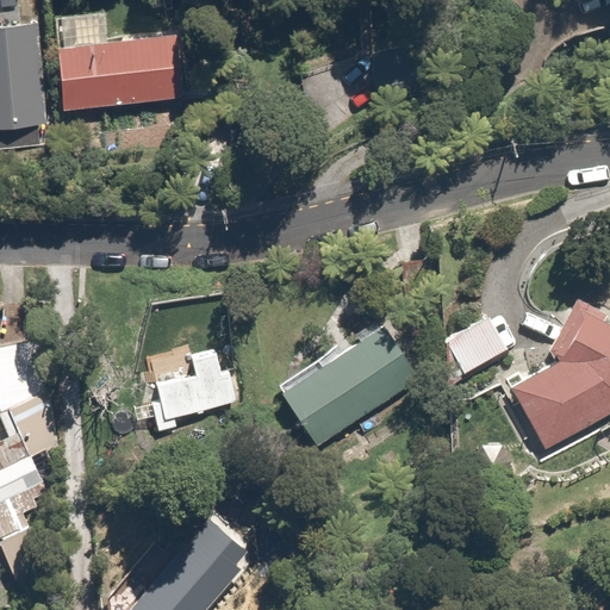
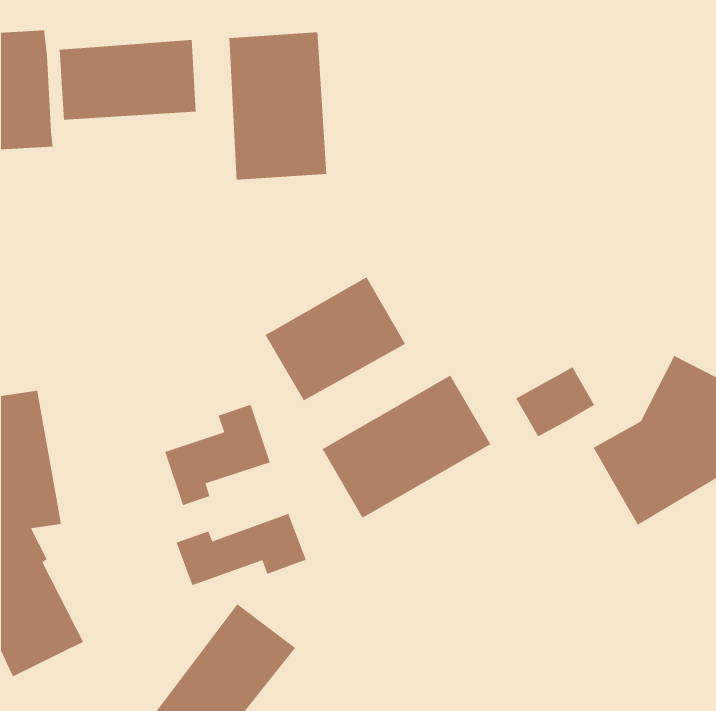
building: none -> [229,32,327,181]
building: none -> [265,276,406,402]
building: none -> [175,513,307,586]

